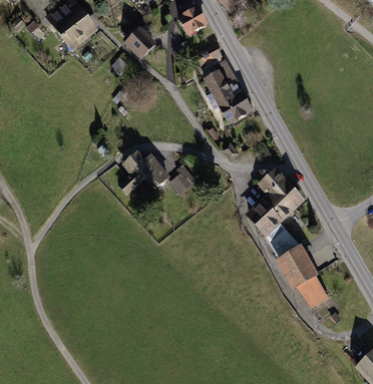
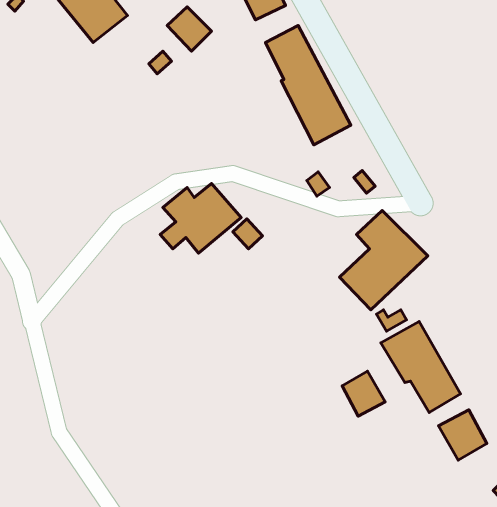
building: none -> [342,371,385,416]
building: none -> [439,410,487,460]

